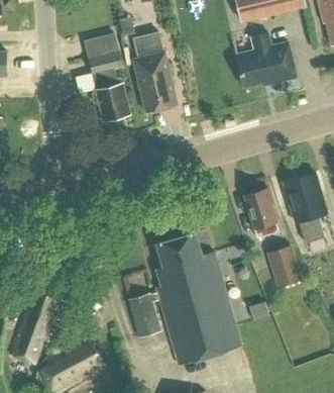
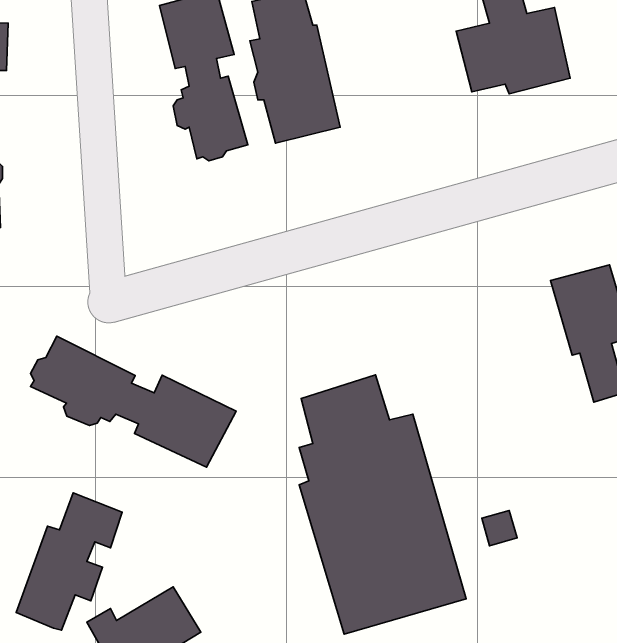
building: [246,188,280,235] -> none
building: none -> [31,336,236,467]
building: [270,244,301,287] -> none
building: [129,294,161,337] -> none

